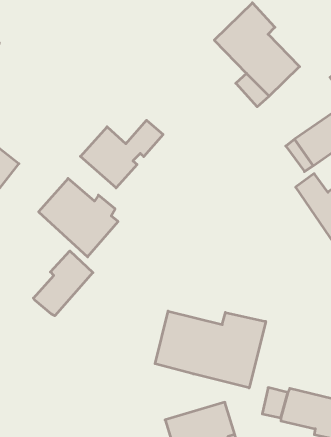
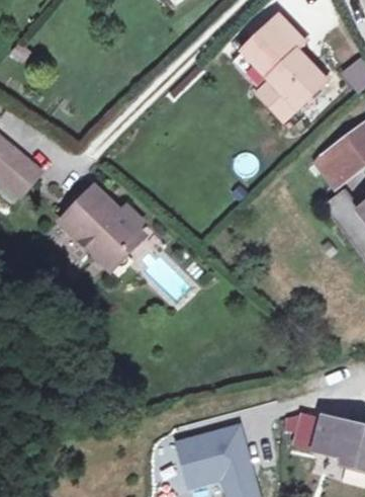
building: [80,120,163,188] -> none
building: [33,251,93,316] -> none
building: [155,311,266,388] -> none

